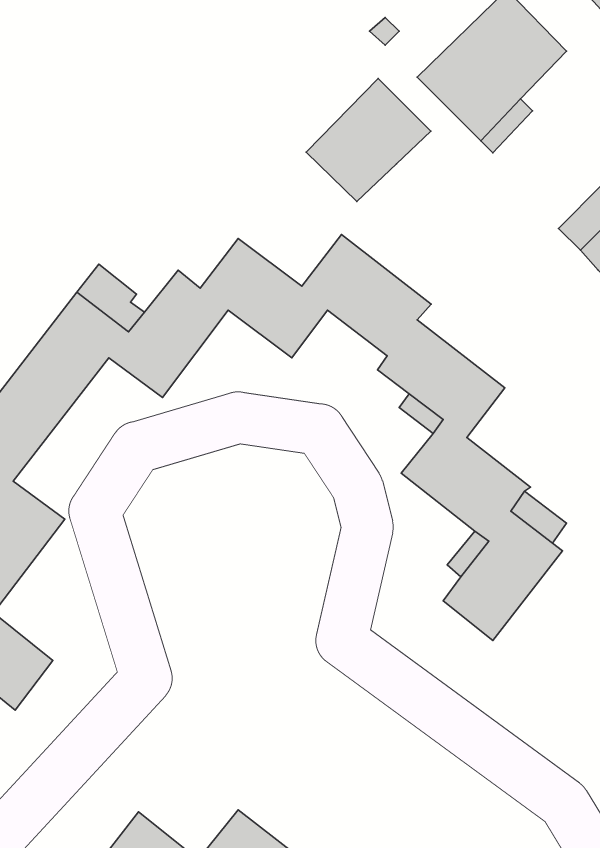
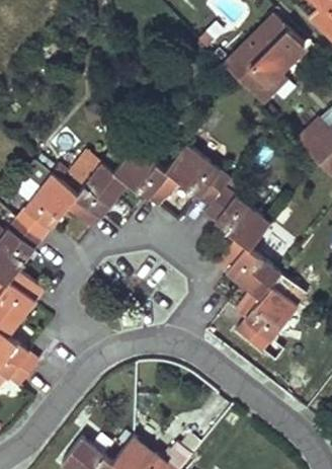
building: [306,78,431,202] -> none

